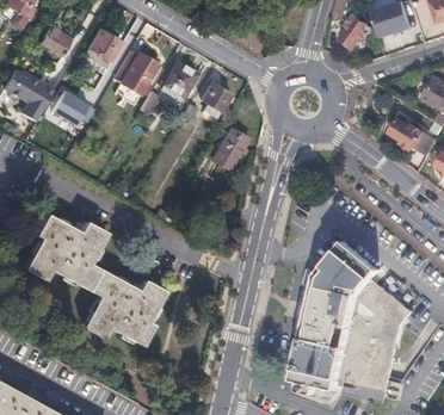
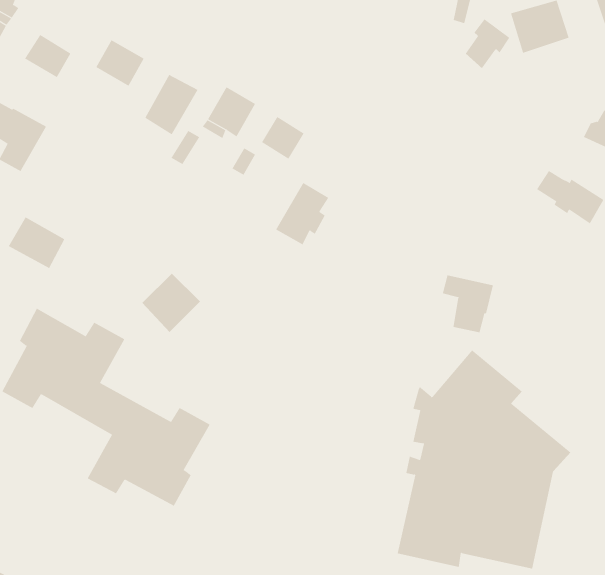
building: [55,89,94,125] -> [8,217,65,269]
building: none -> [141,273,201,333]
building: none -> [442,275,494,333]

